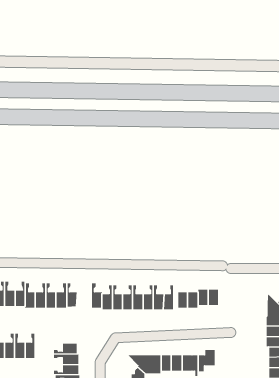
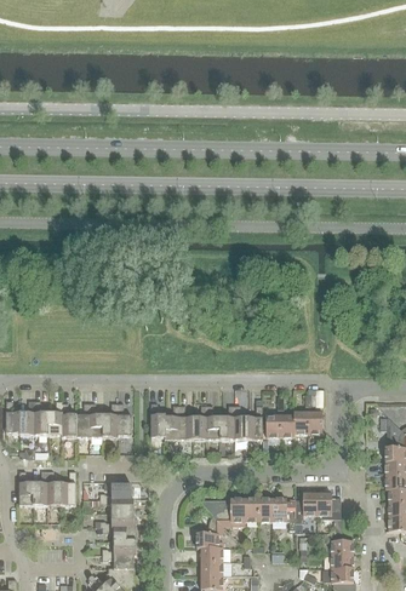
building: none -> [318,492,341,517]

